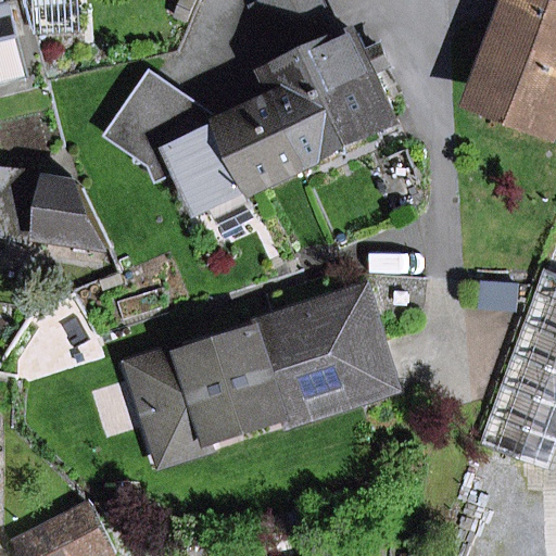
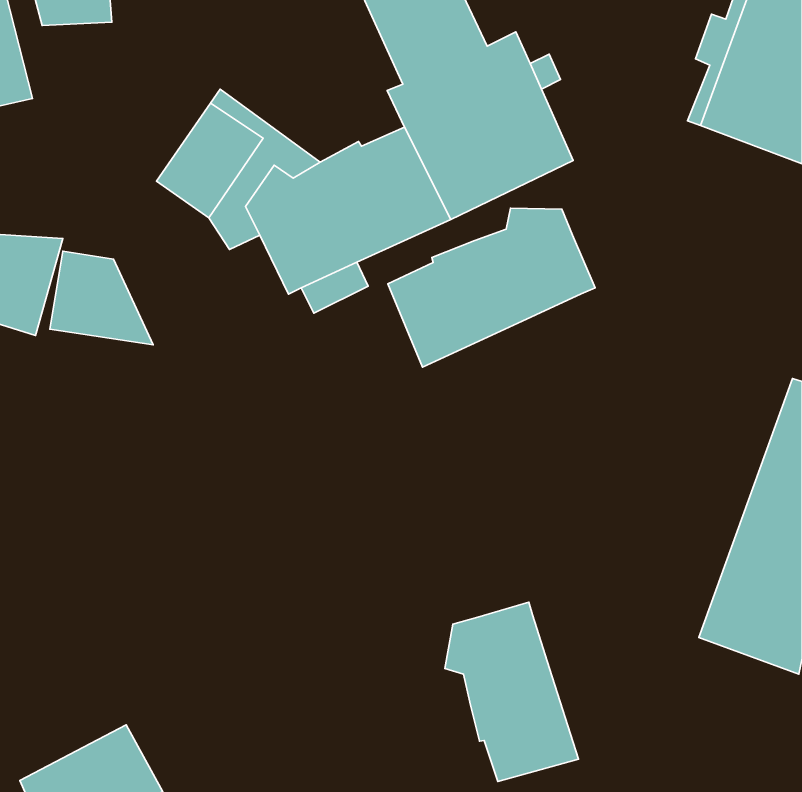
building: none -> [388,208,595,367]
building: [137,298,390,456] -> none
building: none -> [445,602,579,782]

